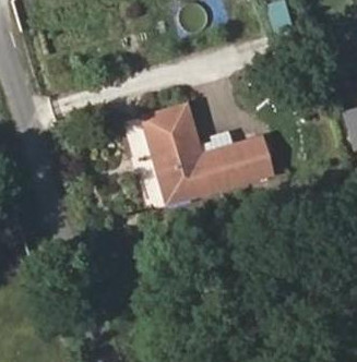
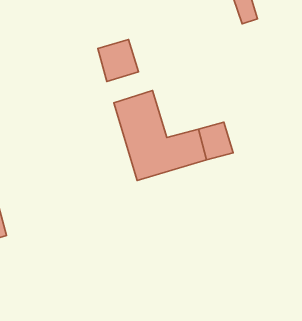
building: none -> [98,40,138,82]

